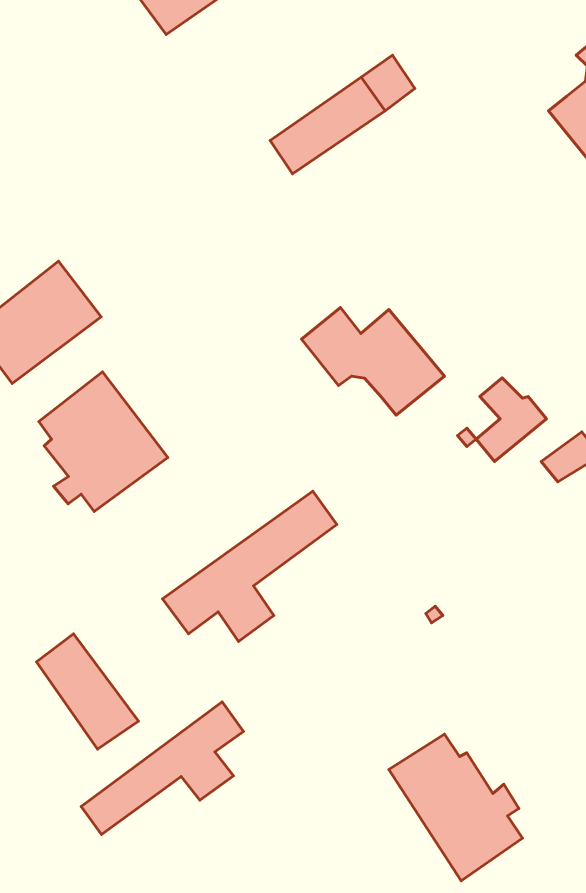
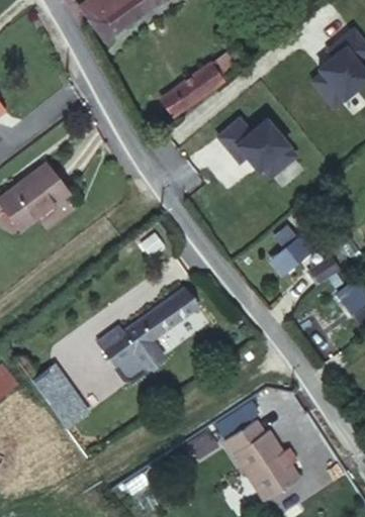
building: [302,308,444,415] -> [219,119,297,178]
building: [39,372,168,511] -> none
building: [81,702,244,834] -> none

